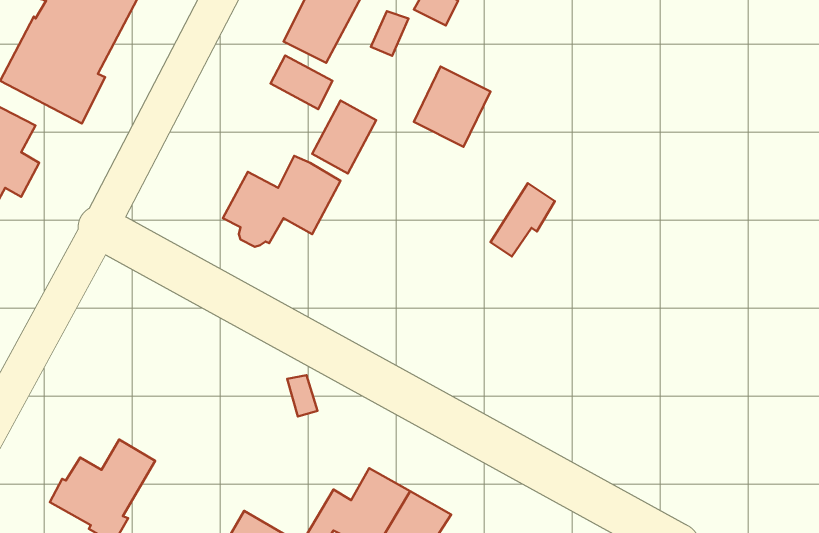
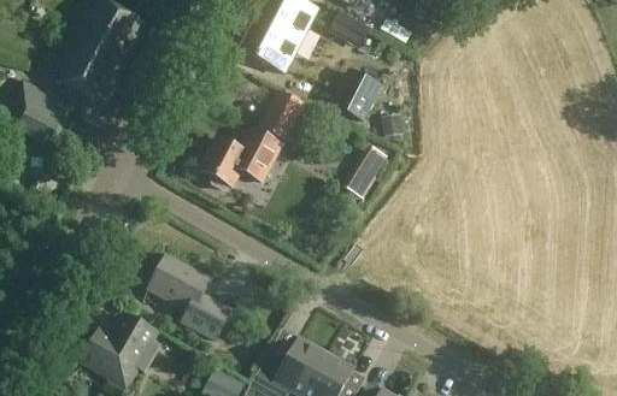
building: [271,55,333,109] -> none
building: [491,183,555,256] -> [346,144,389,194]
building: none -> [149,255,233,339]

